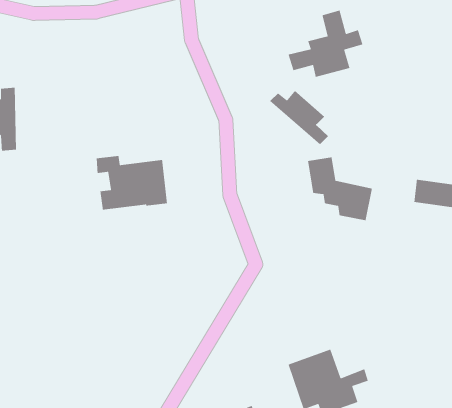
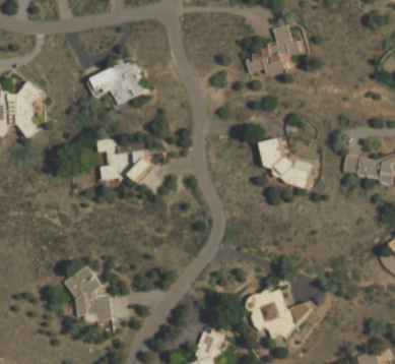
building: none -> [86,59,145,107]
building: [269,90,329,145] -> none
building: none -> [66,265,112,320]

